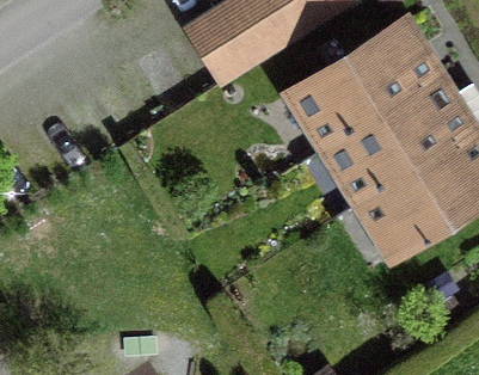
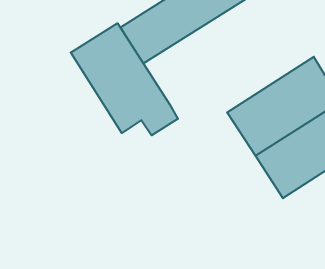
building: [290,24,434,145] -> none
building: none -> [71,23,178,135]

